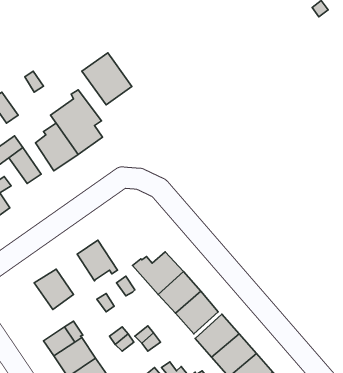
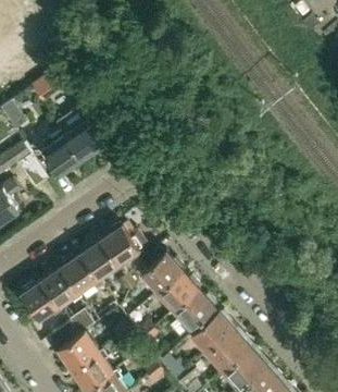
building: [82,53,132,105] -> none
building: none -> [101,225,147,269]
building: none -> [62,254,102,292]
building: none -> [21,281,59,320]

